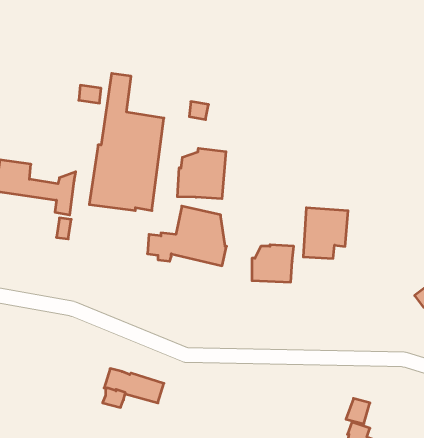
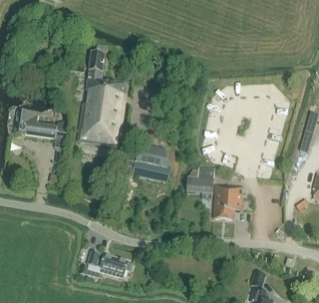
building: [177,148,226,199] -> none
building: [303,208,348,258] -> [214,184,244,218]

